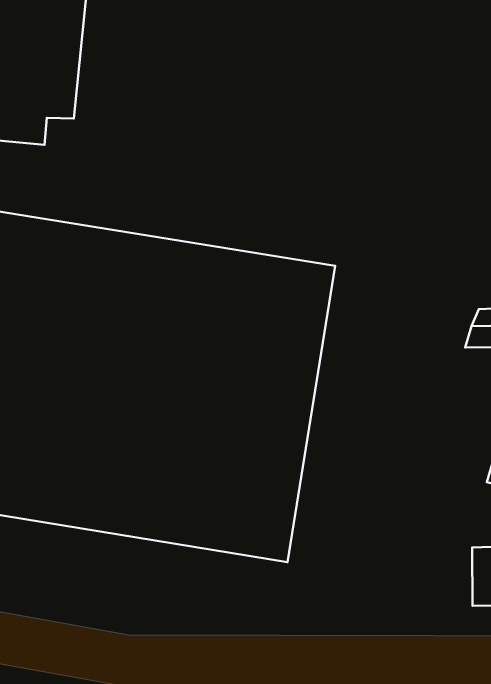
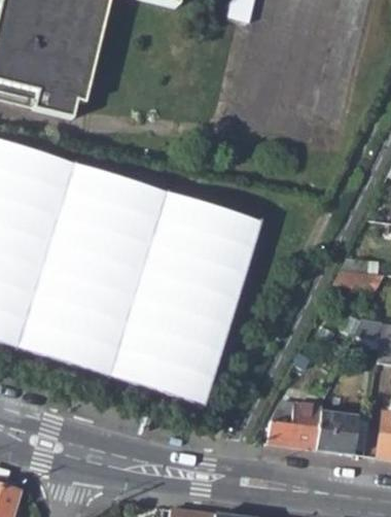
building: none -> [268,403,321,450]

